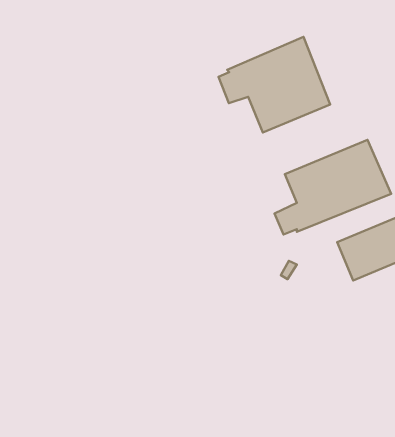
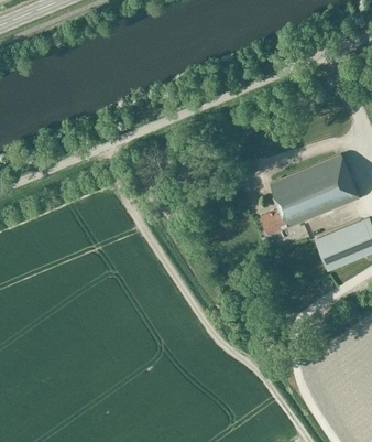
building: [219,37,330,132] -> none

